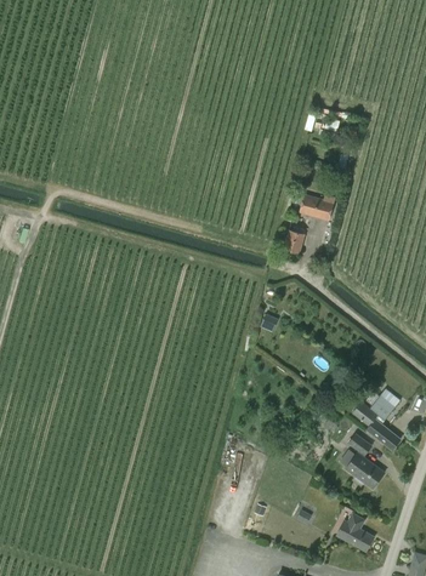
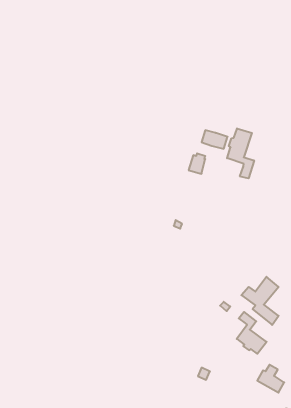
building: none -> [227,128,254,178]
building: [337,514,373,551] -> [257,365,284,393]

